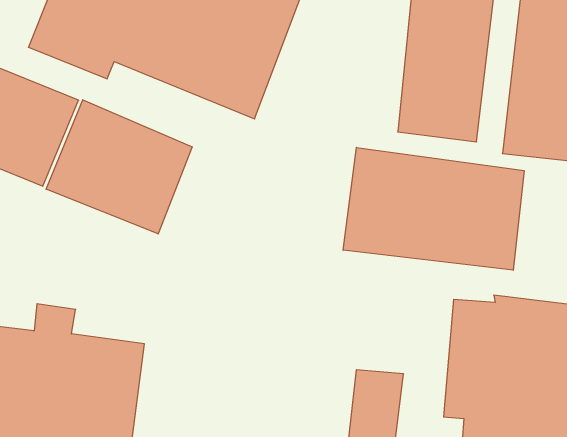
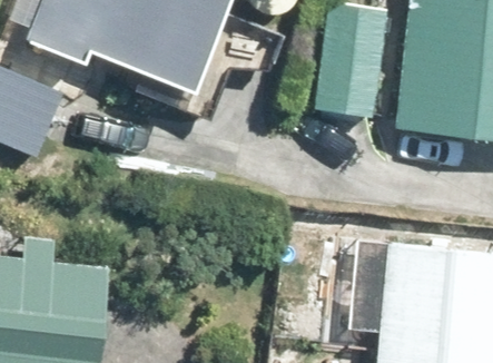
building: [46,100,192,234] -> none
building: [343,147,524,270] -> none

